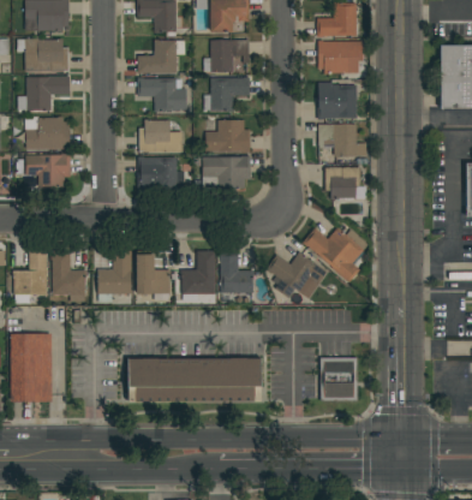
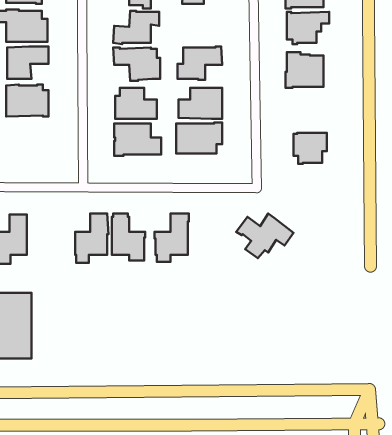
building: [203,41,249,73] -> none
building: [318,125,366,156] -> none
building: [25,154,71,186] -> none
building: [303,227,369,284] -> none
building: [52,252,86,303] -> none
building: [219,254,253,293] -> none
building: [127,358,261,401] -> none
building: [321,358,358,401] -> none

